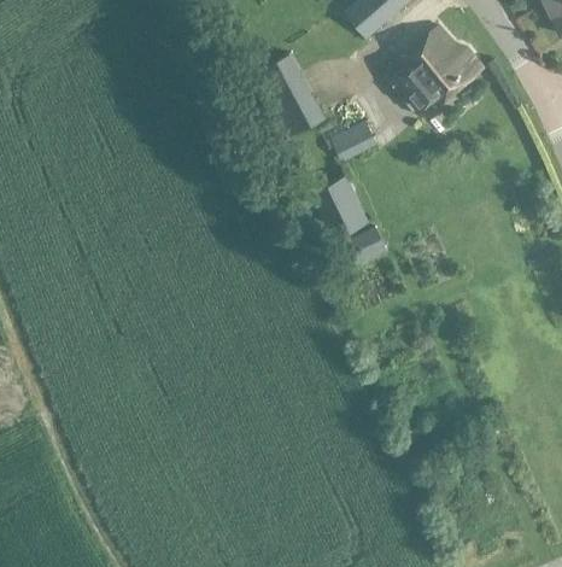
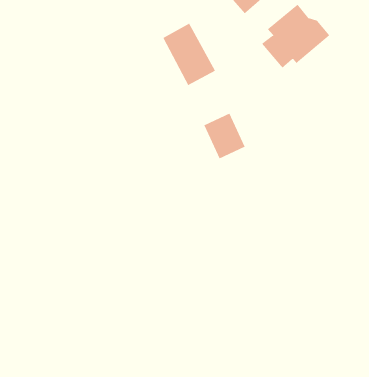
building: [330,119,376,159] -> none
building: [339,224,387,265] -> none

